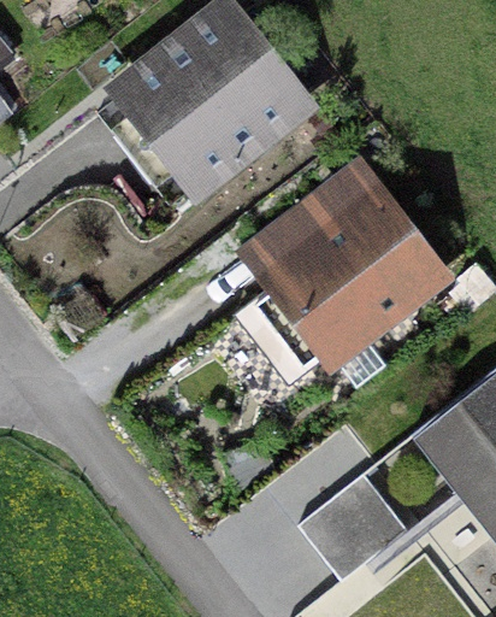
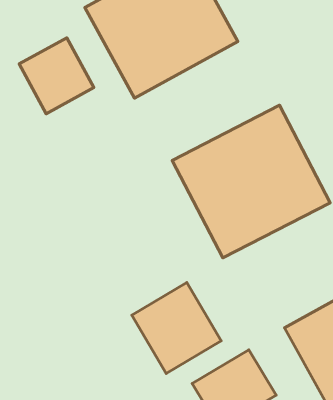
building: none -> [19,38,94,114]
building: none -> [132,282,221,374]

